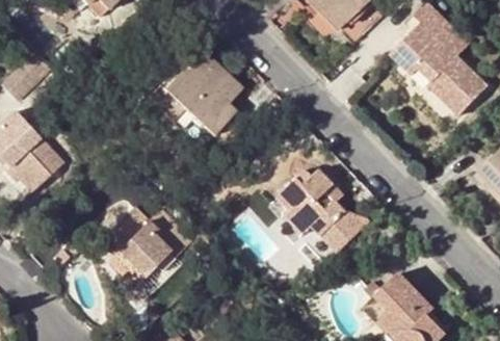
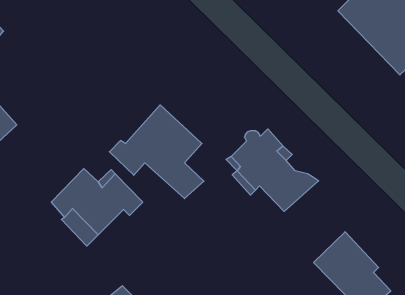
building: [149,50,245,146] -> [109,105,204,199]

